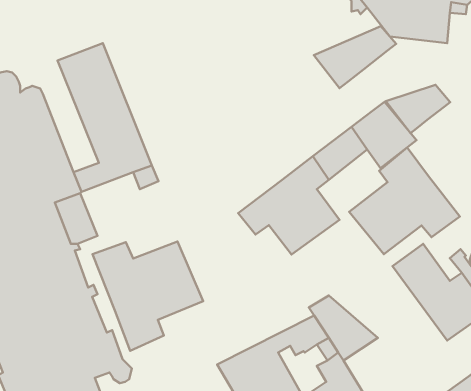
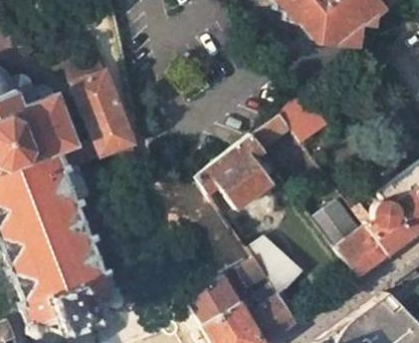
building: [314,26,396,88] -> none
building: [386,85,450,133] -> none
building: [349,147,460,254] -> none
building: [93,241,203,351] -> none

